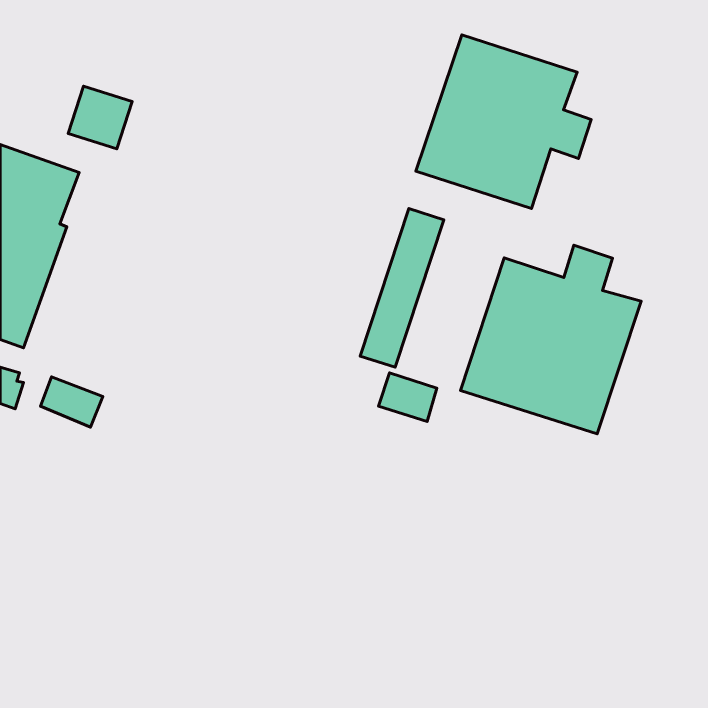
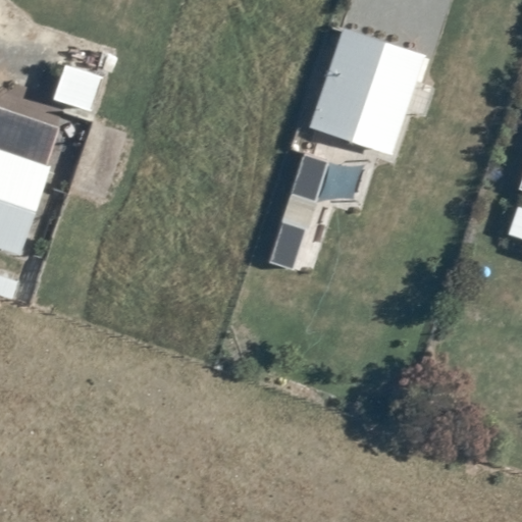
building: [460,245,641,434] -> none

